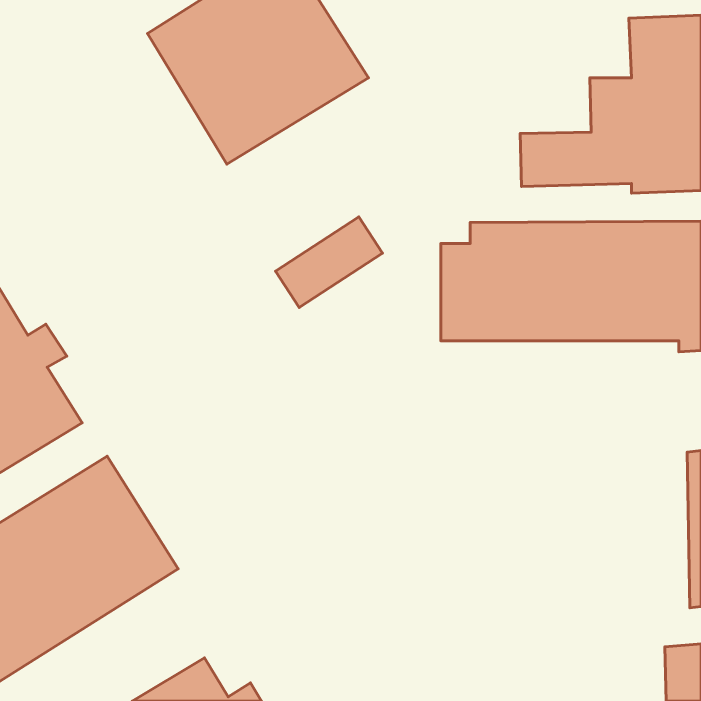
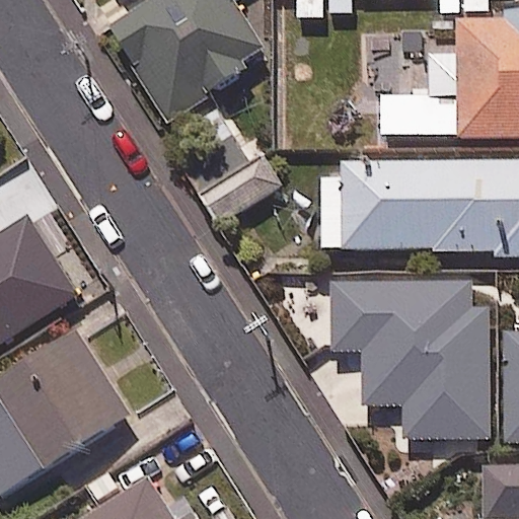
building: none -> [329,278,494,440]

